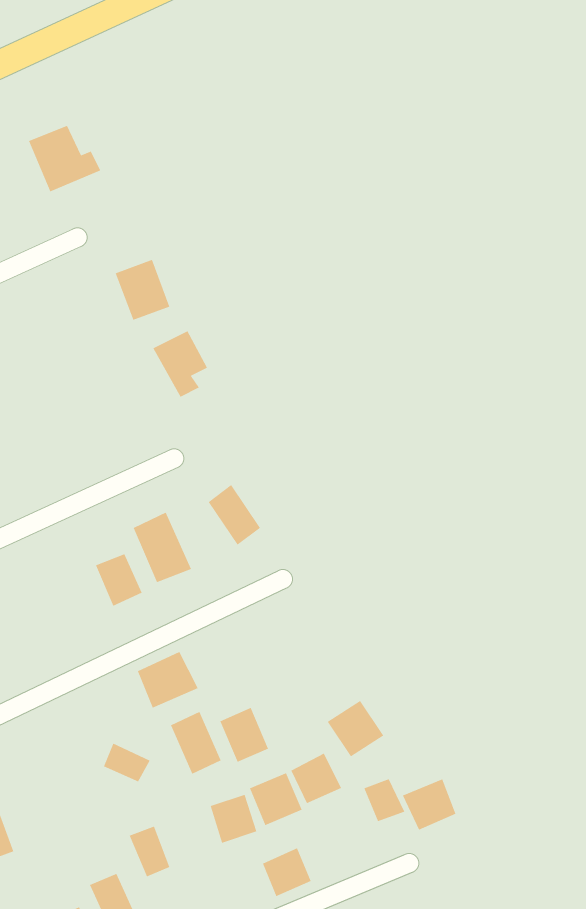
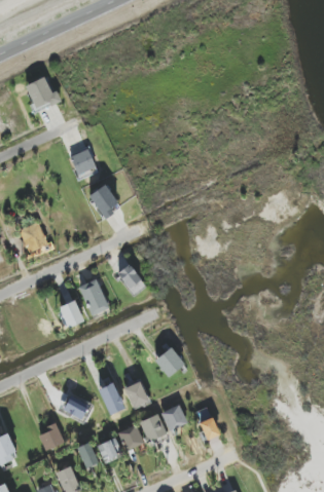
building: none -> [20,223,47,252]
building: [137,651,198,709] -> none
building: [327,700,384,757] -> [154,347,184,377]
building: [402,778,456,830] -> none
building: none -> [39,422,64,450]
building: [262,848,311,897] -> [97,438,122,463]

